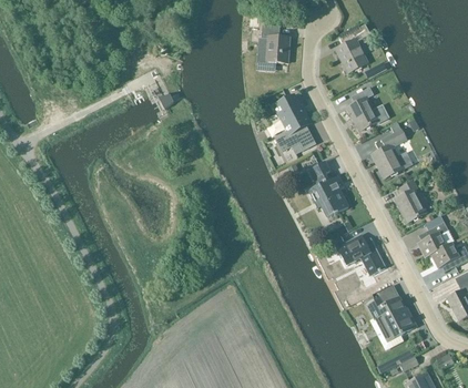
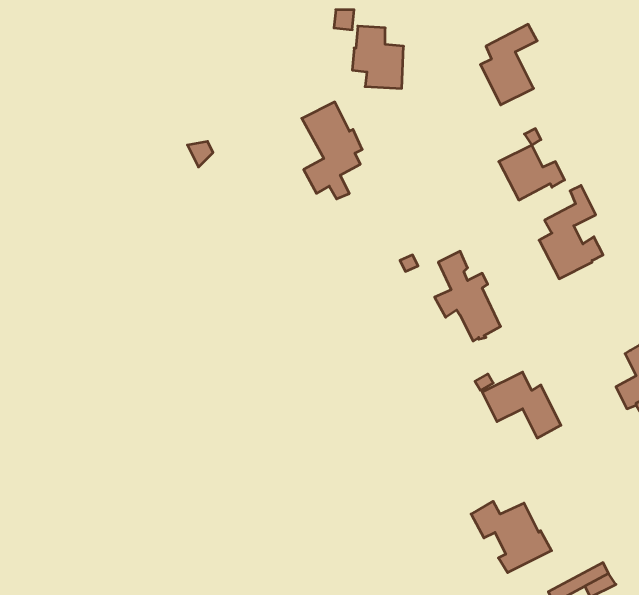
building: [274,93,311,152] -> [302,102,362,199]
building: [395,180,426,221] -> none
building: [367,295,416,338] -> [471,501,552,573]

